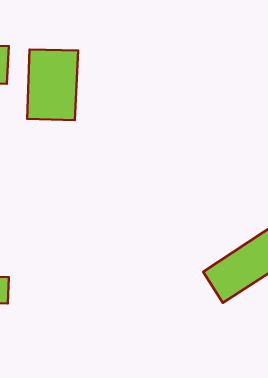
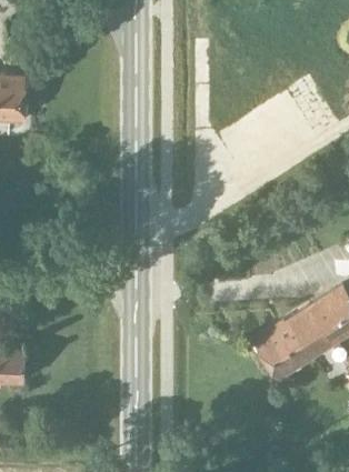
building: [27,49,78,120] -> none

